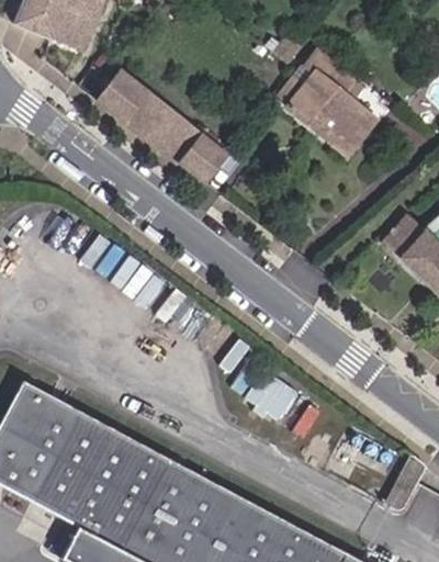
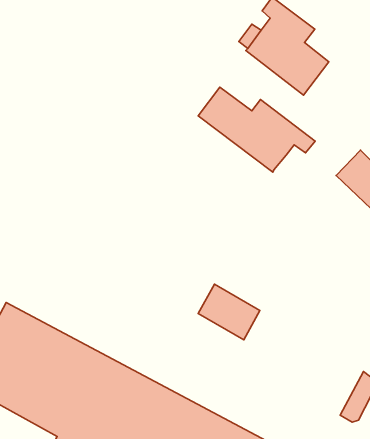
building: [97,76,225,183] -> none
building: none -> [198,87,315,172]

